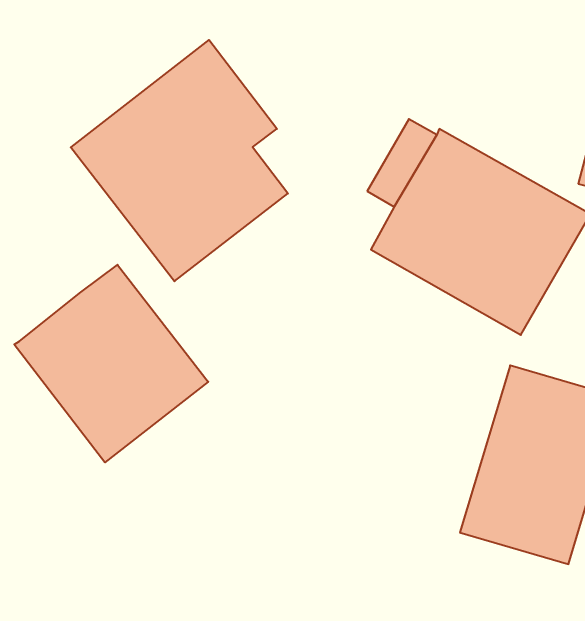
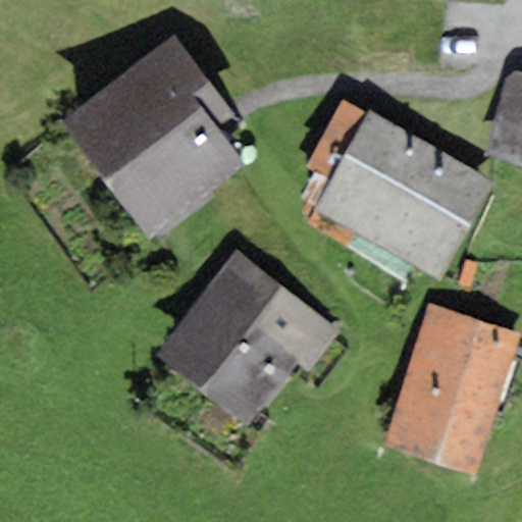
building: [14,265,208,462] -> none
building: none -> [155,250,343,428]

